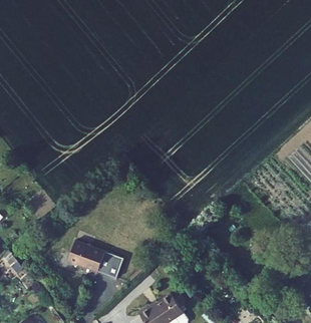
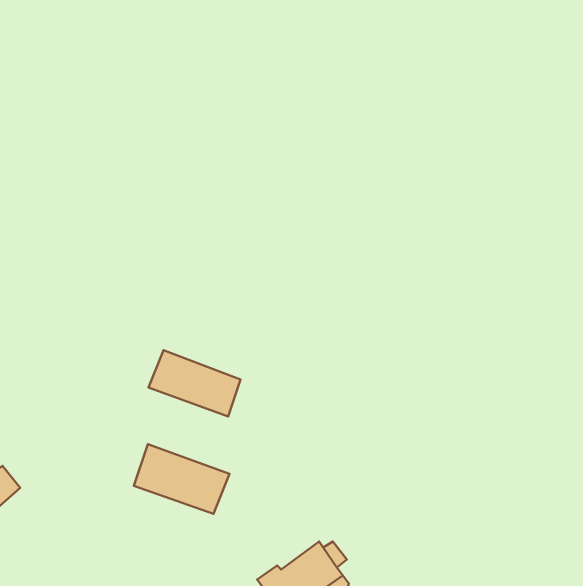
building: none -> [149,350,241,417]

